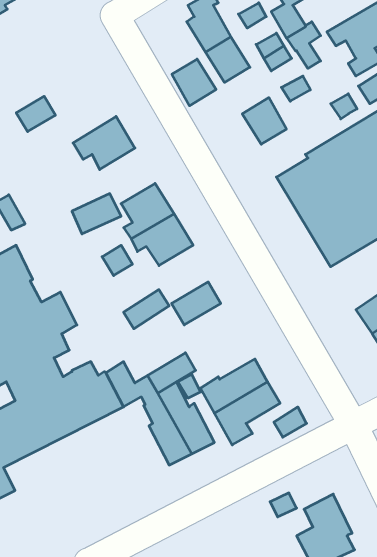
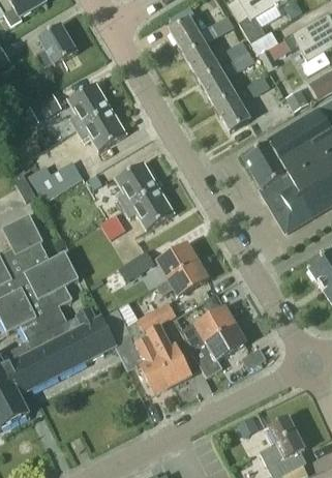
building: none -> [35,24,77,67]
building: [172,59,216,106] -> [200,67,236,106]
building: none -> [66,83,111,129]
building: none -> [32,160,83,202]
building: none -> [167,261,208,297]

